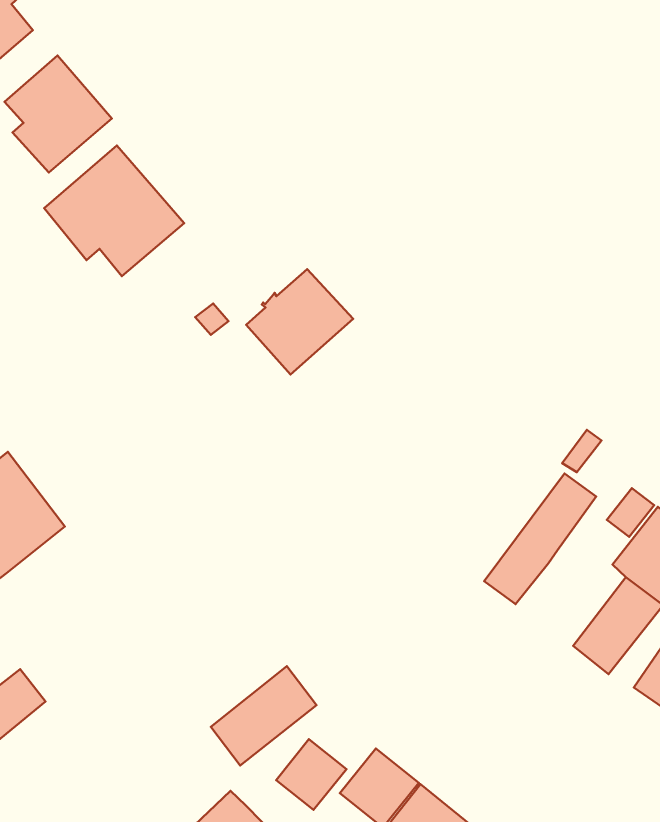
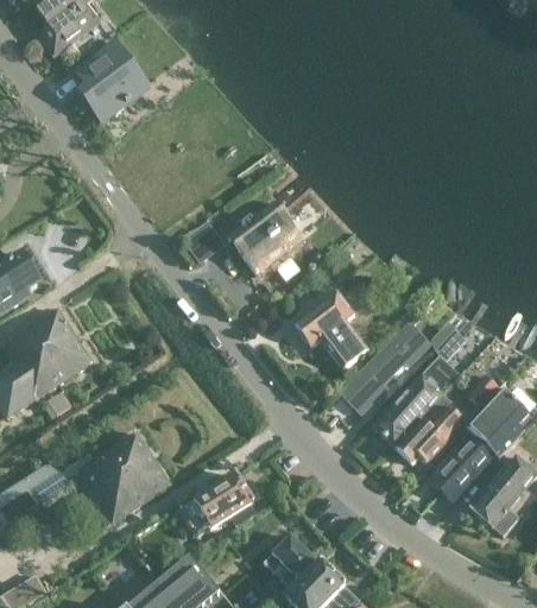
building: [44,145,184,276] -> none
building: none -> [296,293,368,369]
building: none -> [342,312,429,413]
building: none -> [396,405,462,462]
building: none -> [65,431,172,526]
building: [276,739,346,810] -> none

